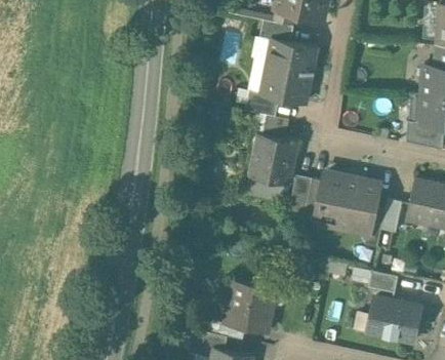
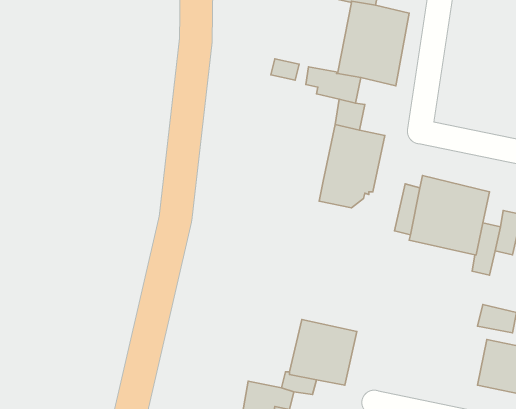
building: [289,174,313,213] -> none

